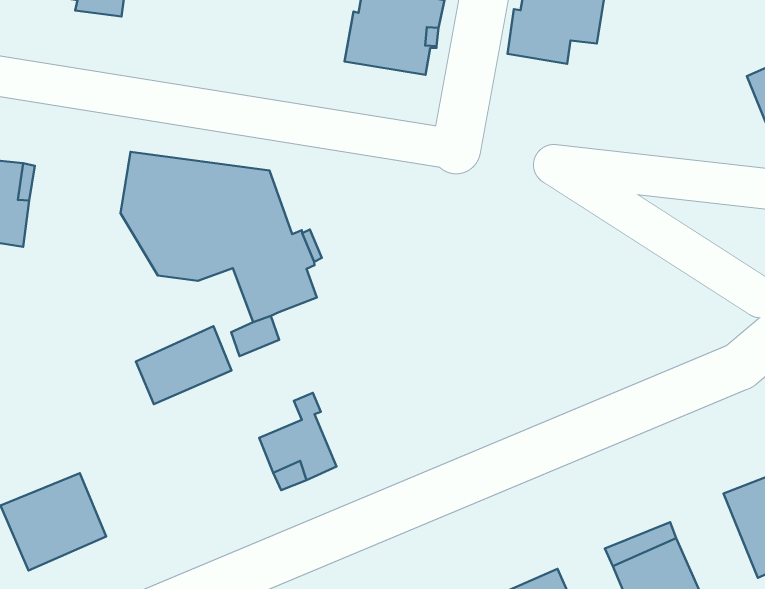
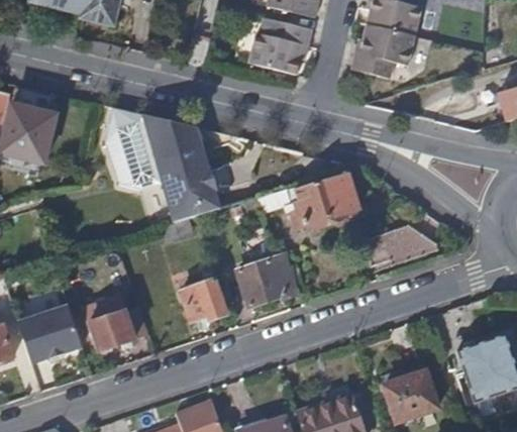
building: none -> [252,174,354,234]
building: none -> [365,226,440,266]
building: [136,326,232,404] -> [86,306,144,351]
building: none -> [234,254,297,307]

